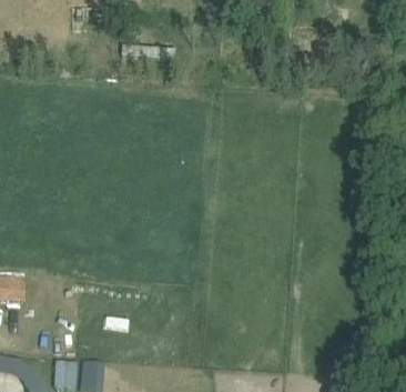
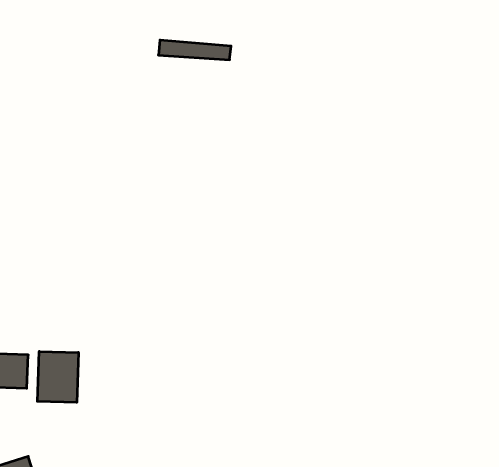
building: none -> [37,351,78,402]

